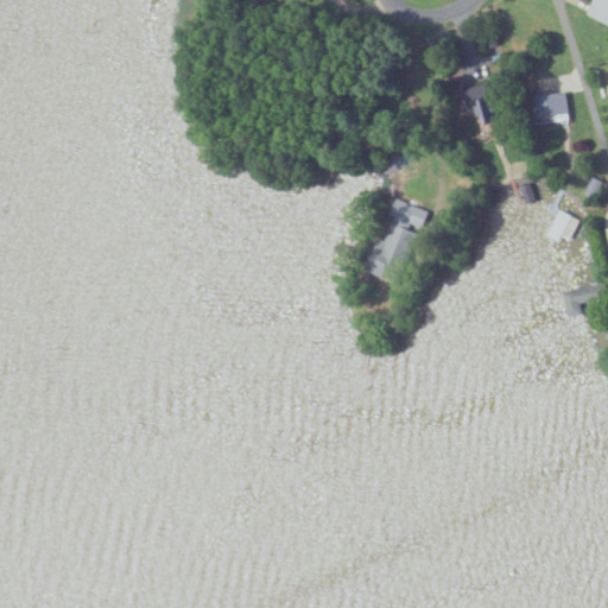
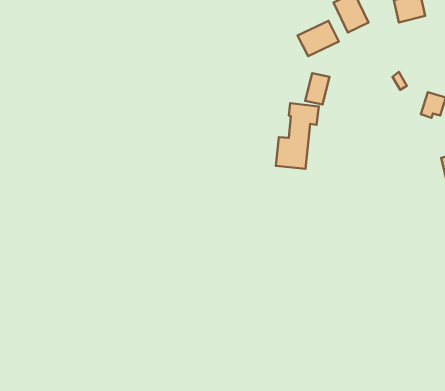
building: none -> [298,21,339,56]
building: none -> [305,73,329,105]

